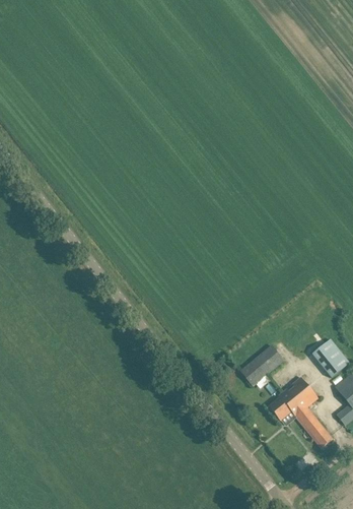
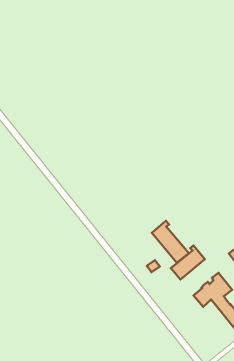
building: none -> [152,221,189,263]

